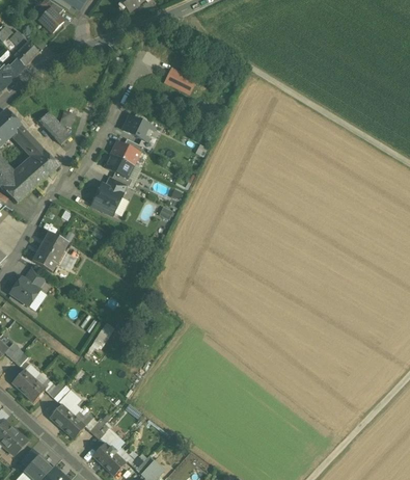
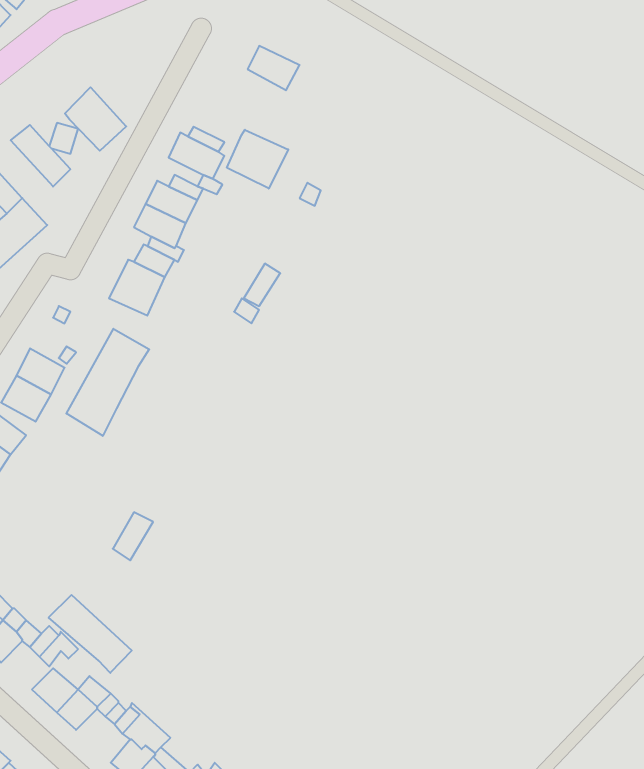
building: none -> [65,87,126,151]
building: none -> [227,130,288,189]
building: none -> [66,329,149,436]
building: none -> [49,595,132,673]

